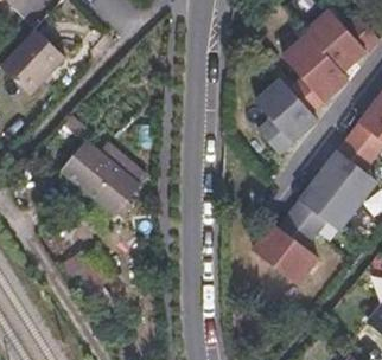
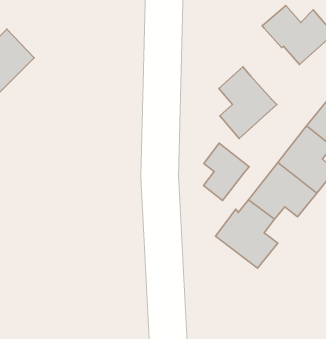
building: [284,32,348,105] -> none
building: [64,137,139,204] -> none
building: none -> [203,143,249,201]

